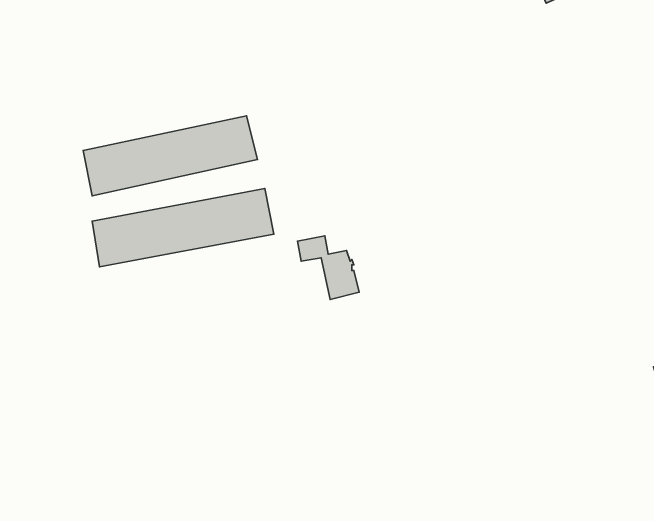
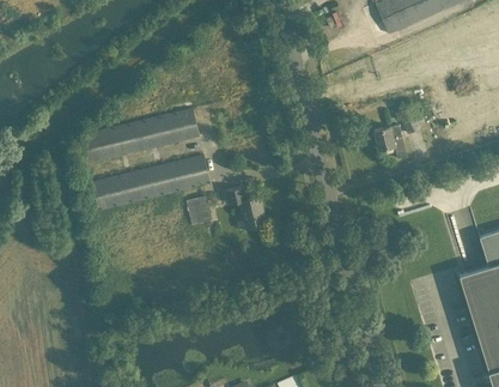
building: none -> [376,125,406,159]
building: none -> [185,196,211,225]

